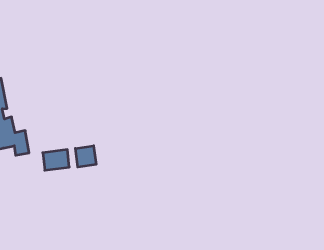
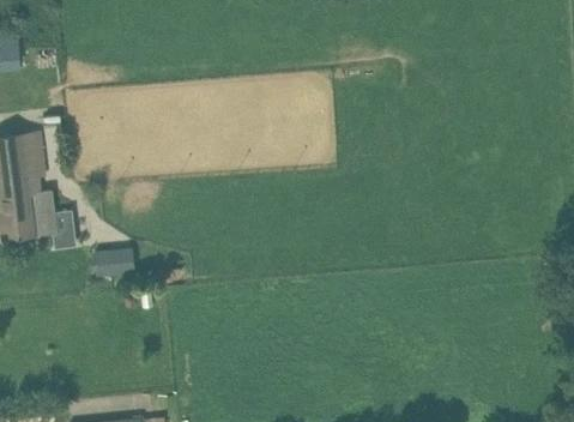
building: [75,146,96,167] -> none

